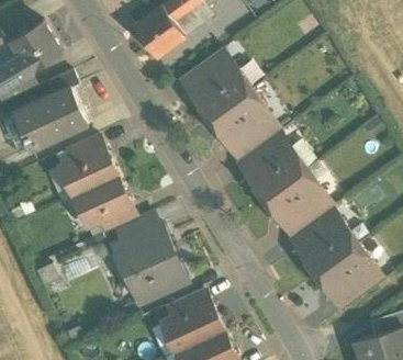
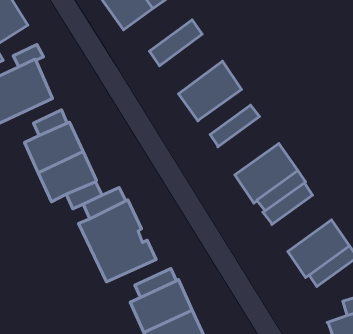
building: [189,60,251,119] -> none
building: [228,114,281,158] -> none
building: [244,140,306,198] -> none
building: [296,217,358,272] -> none

